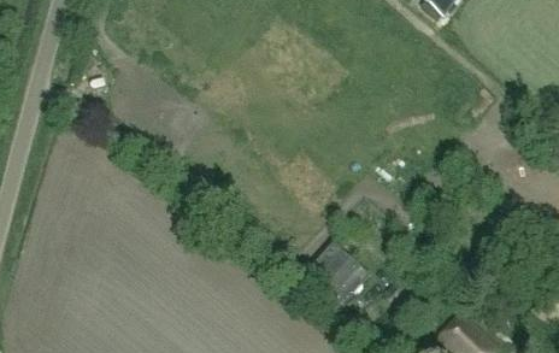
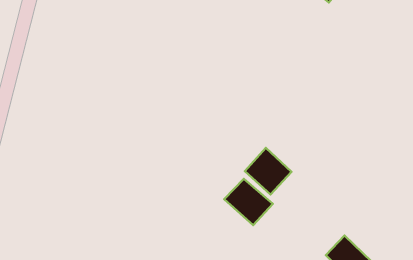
building: none -> [245,148,292,194]

